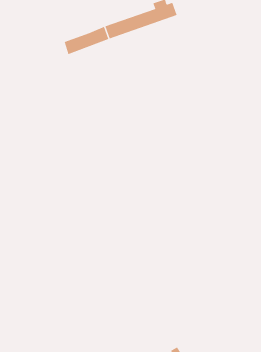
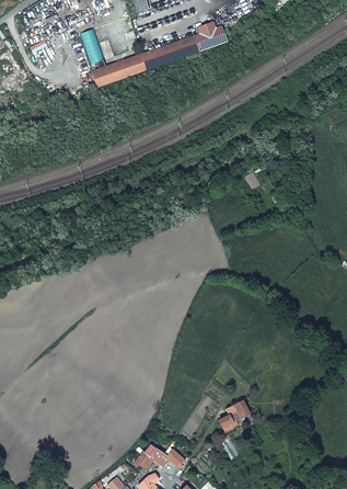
building: none -> [219,400,250,432]

